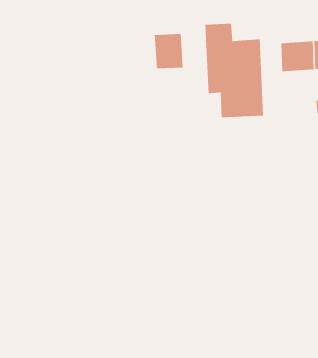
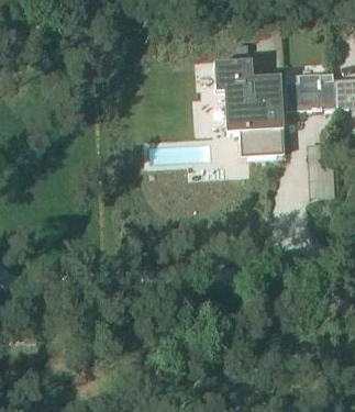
building: [154,33,183,69] -> none

